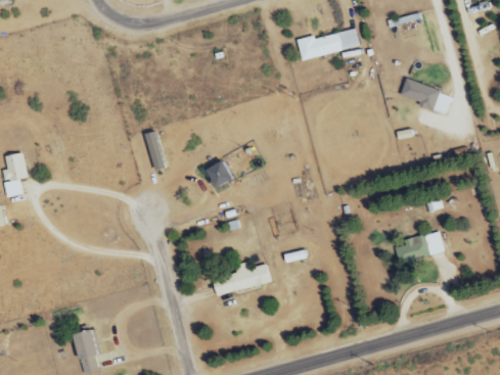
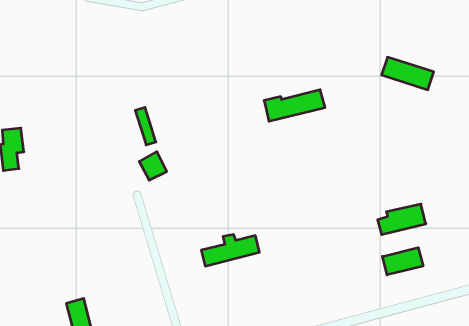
building: [297,28,360,60] -> [264,90,325,121]
building: [202,158,231,188] -> [139,152,167,180]
building: none -> [382,248,423,275]

